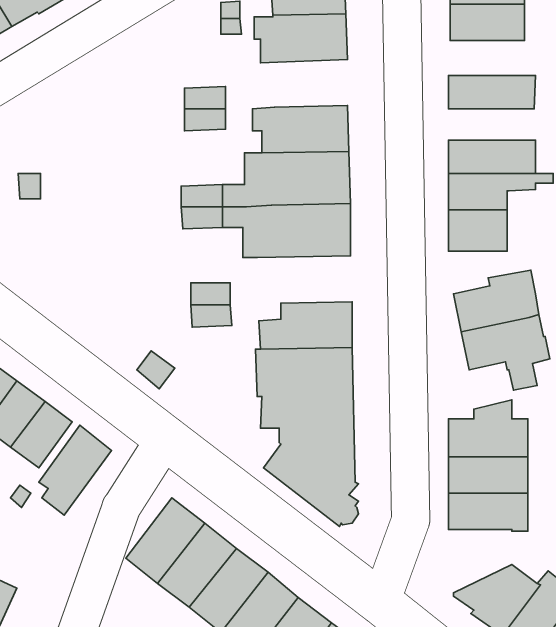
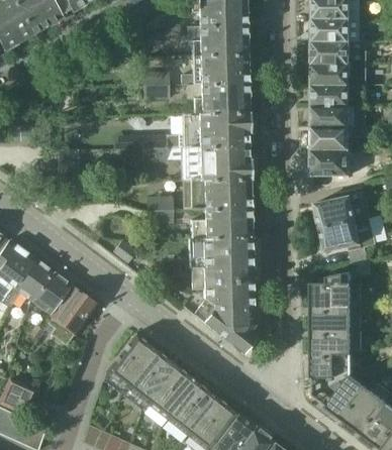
building: none -> [311,40,367,64]
building: none -> [180,53,247,85]
building: none -> [311,85,367,105]
building: none -> [189,179,250,209]
building: none -> [311,353,352,393]

